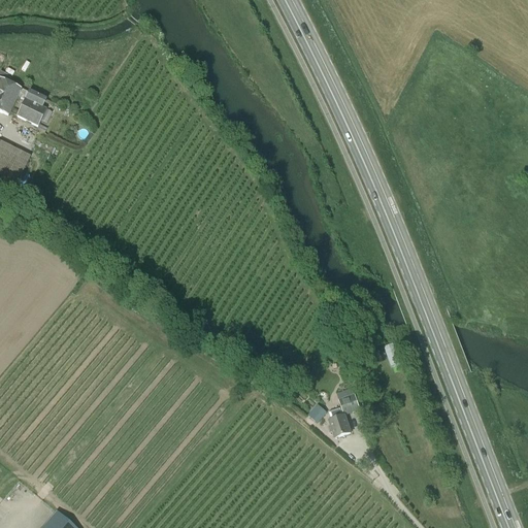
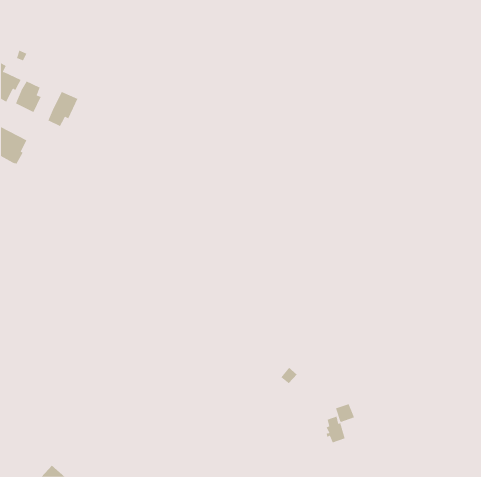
building: none -> [48,91,78,127]
building: [328,392,360,435] -> [326,404,355,443]

